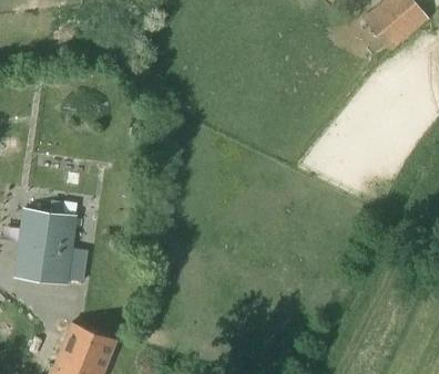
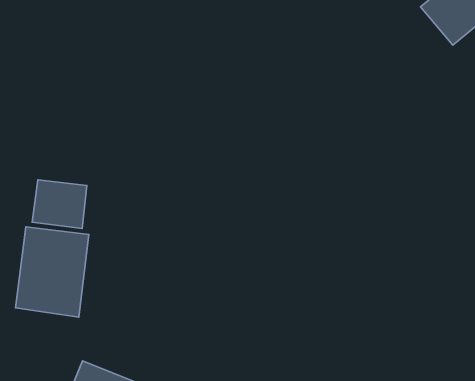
building: none -> [32,180,87,228]

